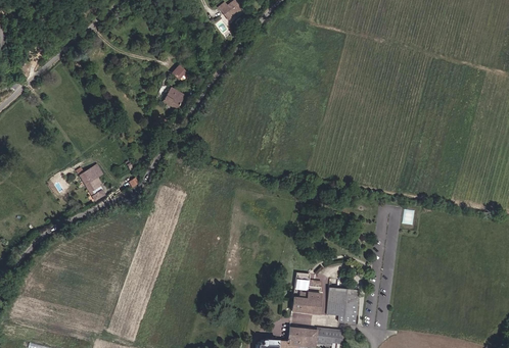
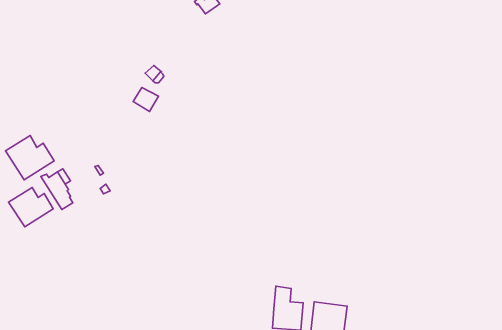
building: none -> [5,136,54,180]
building: none -> [9,187,53,227]

